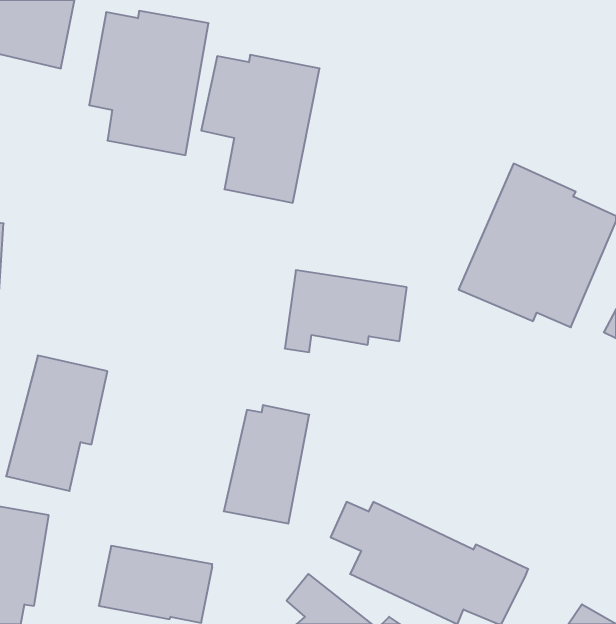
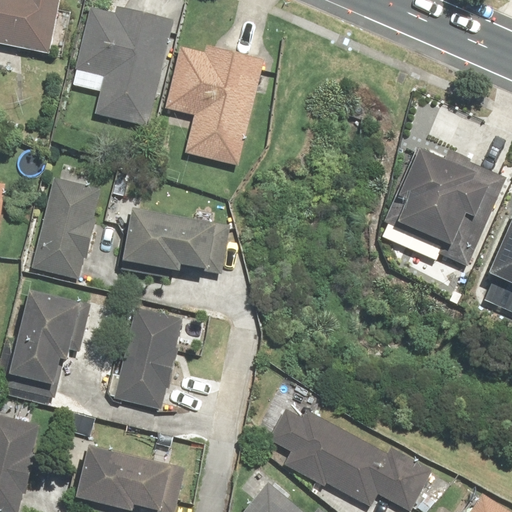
building: none -> [29,176,105,279]
building: [285,270,407,352] -> [120,209,220,276]
building: [224,405,309,524] -> [112,312,182,409]

